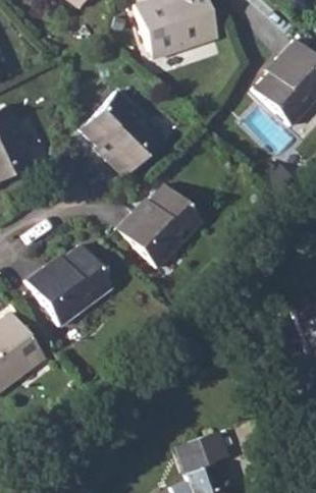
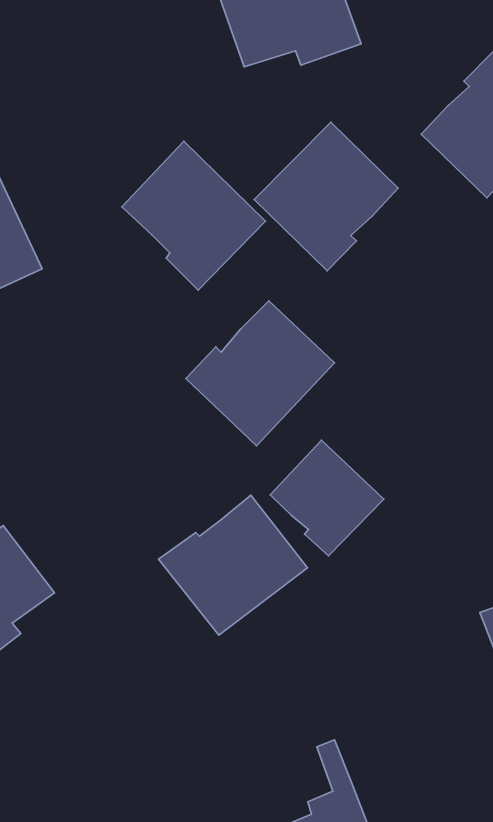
building: none -> [254,122,398,271]
building: [28,244,113,325] -> [159,495,307,635]
building: none -> [270,440,384,556]

